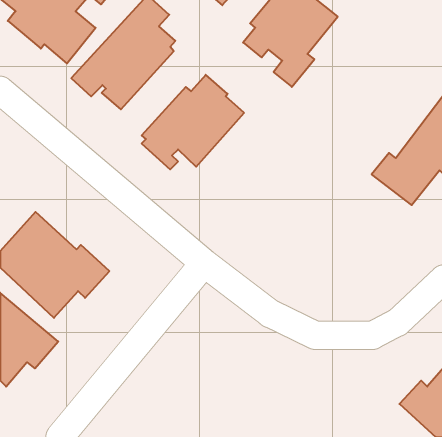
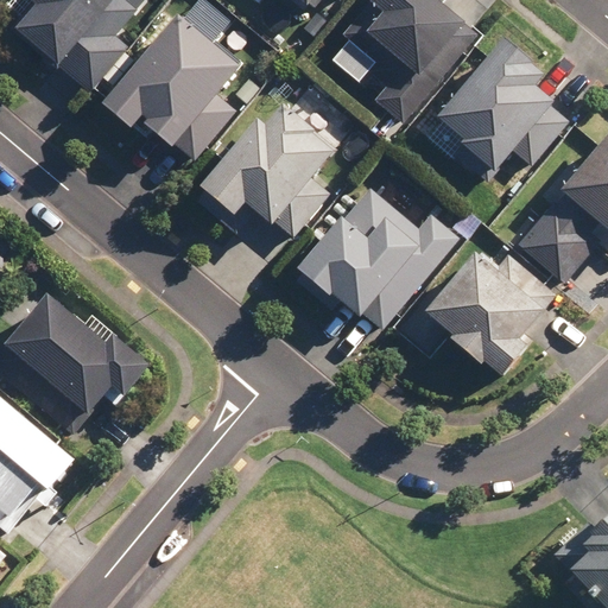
building: none -> [436,43,552,176]
building: none -> [293,183,462,318]
building: none -> [394,243,559,376]

